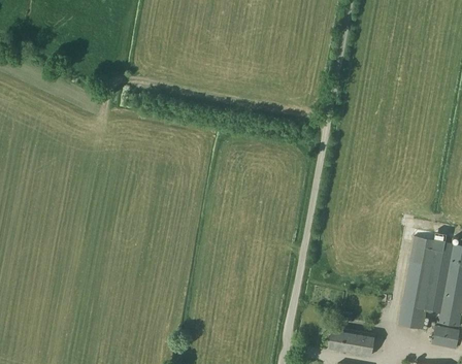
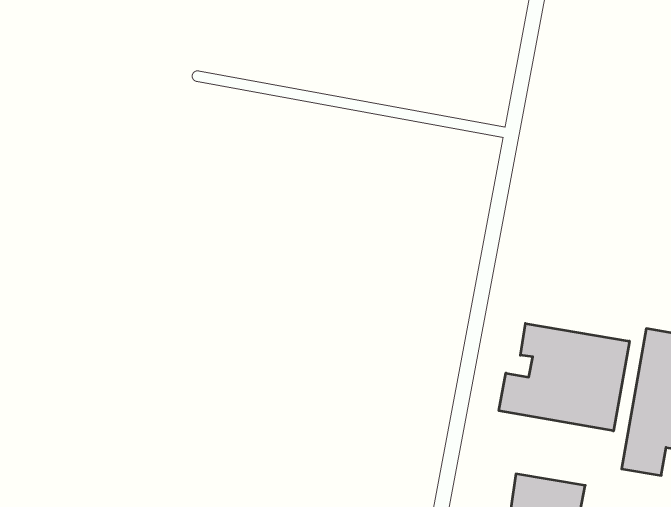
building: none -> [499,323,629,431]

